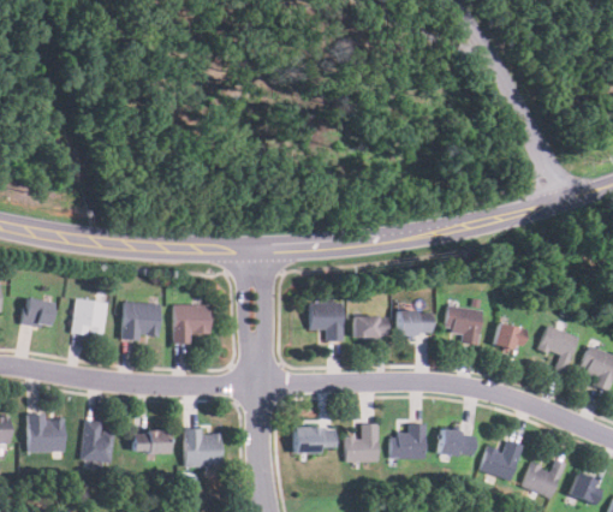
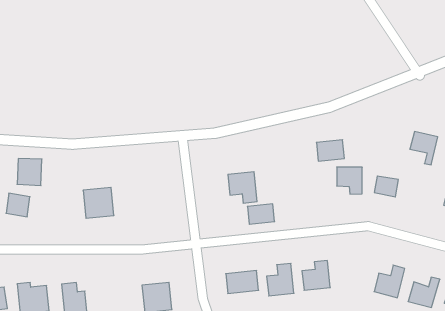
building: [71,299,106,337] -> [17,159,42,186]
building: [173,305,209,343] -> none
building: [397,311,430,335] -> [316,140,344,161]
building: [353,315,386,338] -> [247,204,275,224]
building: [538,327,576,371] -> [410,132,438,165]
building: [132,430,168,453] -> none
building: [439,430,472,456] -> none

